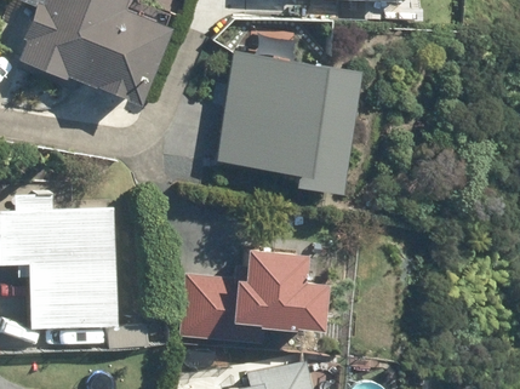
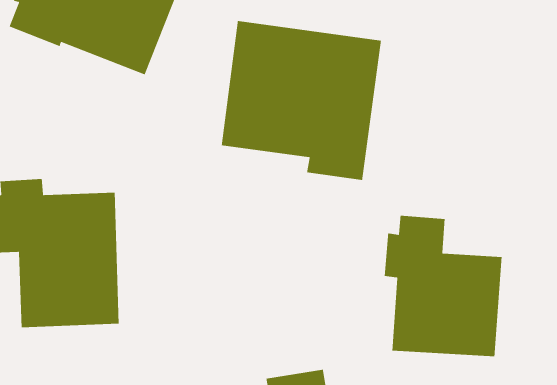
building: none -> [384,215,502,357]
building: [177,248,330,347] -> none

